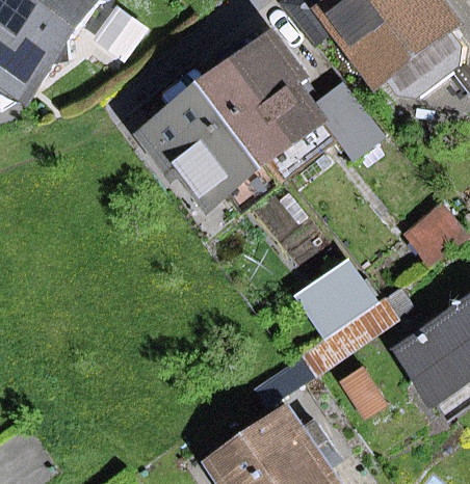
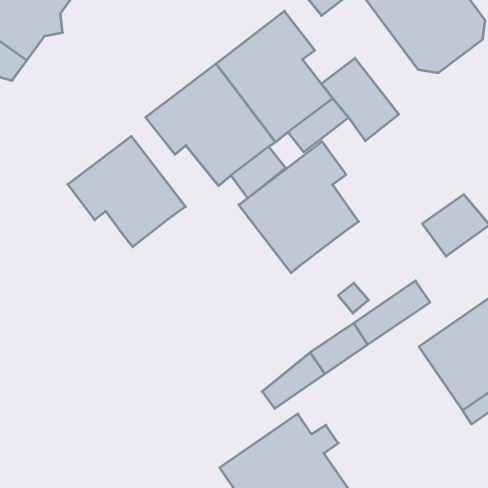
building: none -> [68,136,186,247]
building: none -> [239,142,359,273]

